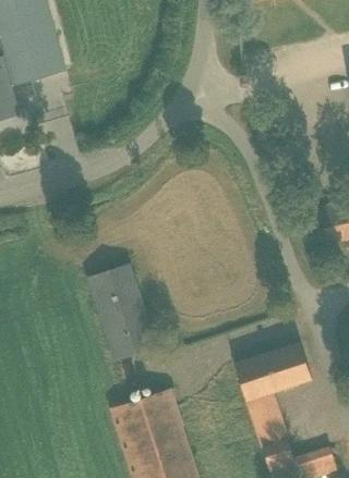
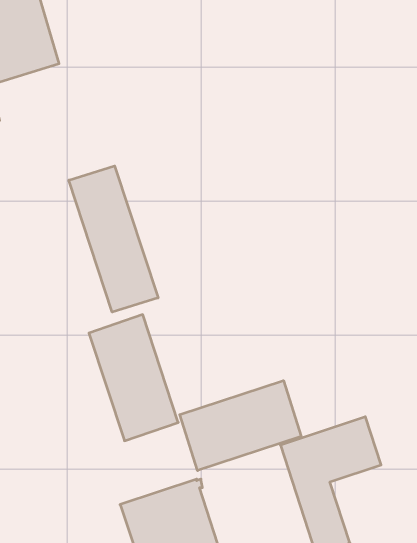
building: none -> [69,166,158,312]
building: none -> [180,381,301,471]

